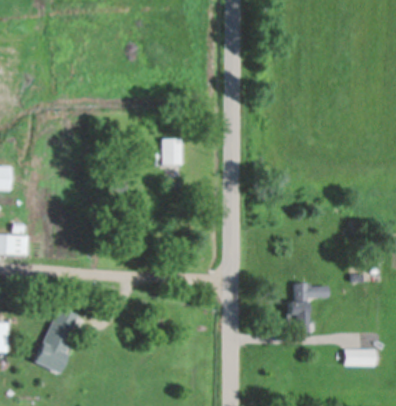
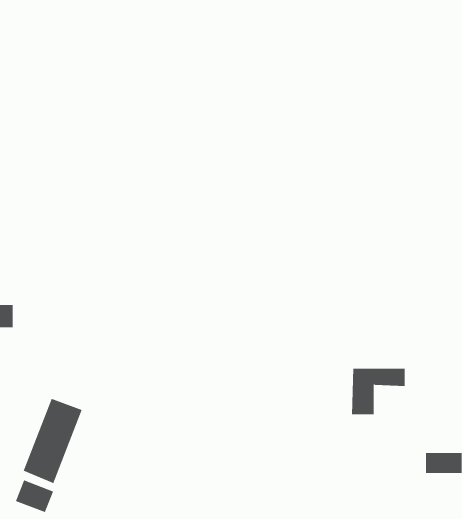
building: [162,138,182,164] -> none
building: none -> [15,480,54,513]

